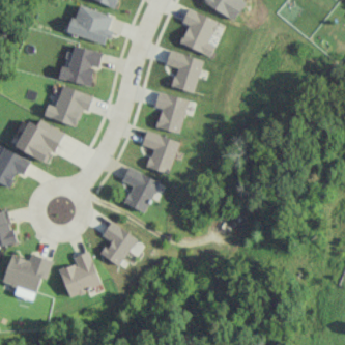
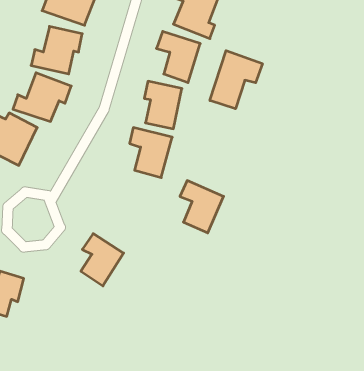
building: none -> [210,51,262,109]
building: [120,168,157,212] -> [180,181,224,233]
building: [58,251,100,297] -> none

